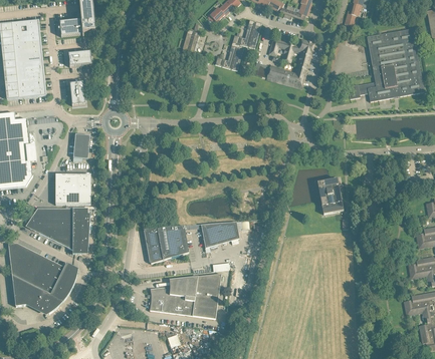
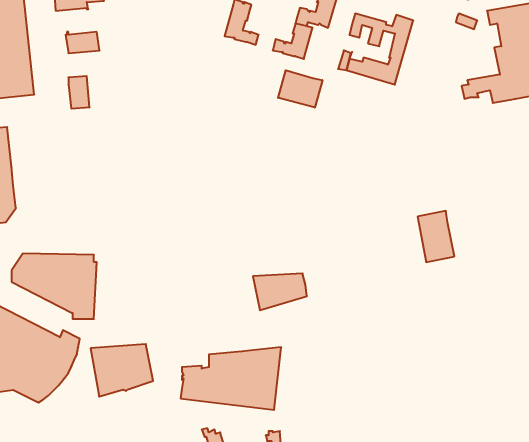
building: none -> [278,70,322,108]
building: [72,133,89,161] -> none
building: [54,173,90,205] -> none
building: [144,226,188,263] -> [91,344,153,397]

